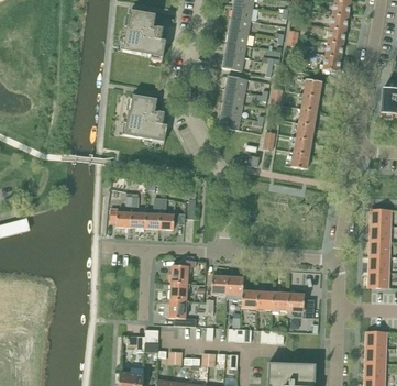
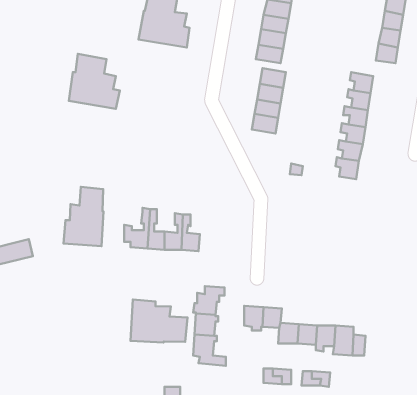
building: [124,93,167,140] -> [69,54,120,109]
building: none -> [64,187,103,246]
building: none -> [130,300,188,343]

